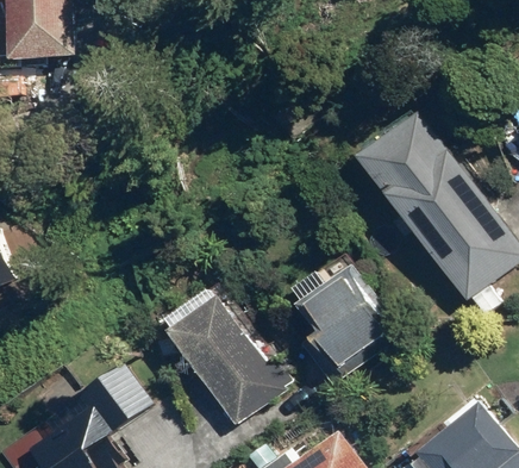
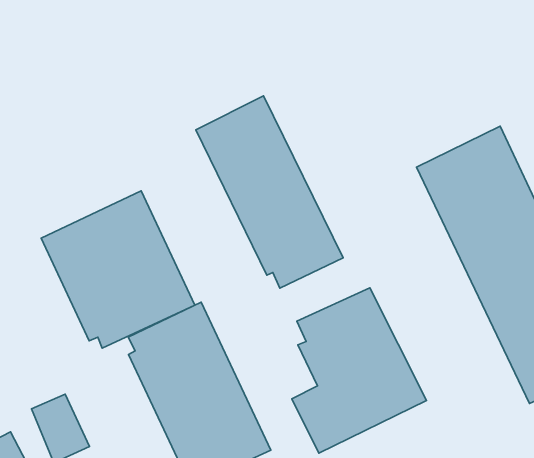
building: none -> [196,96,343,288]
building: none -> [41,191,195,348]

